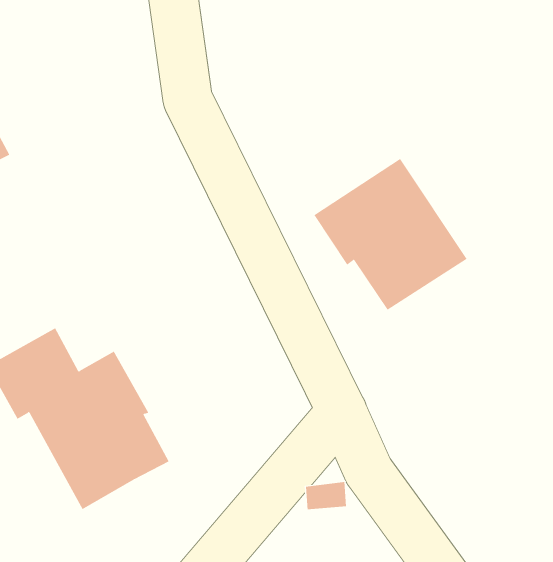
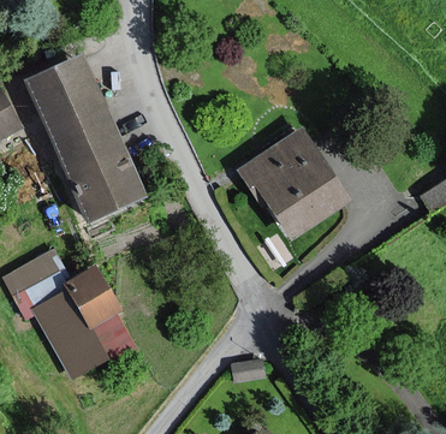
building: none -> [26,54,143,216]

